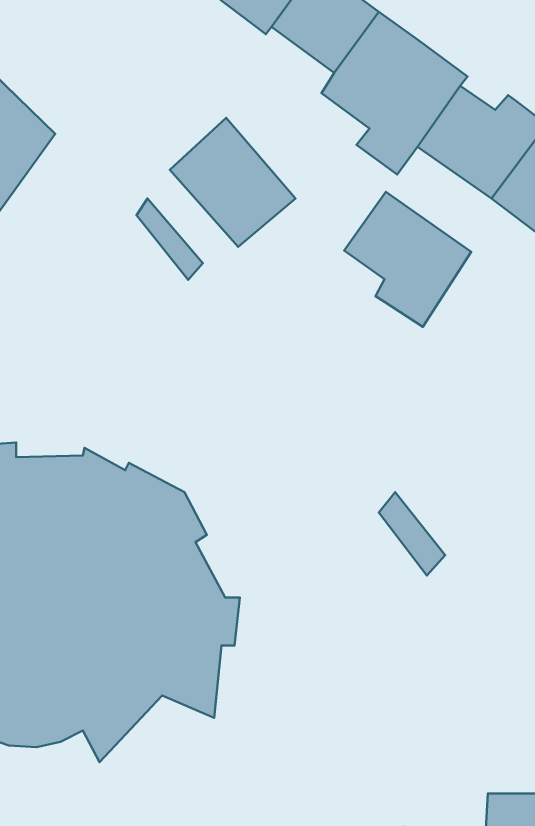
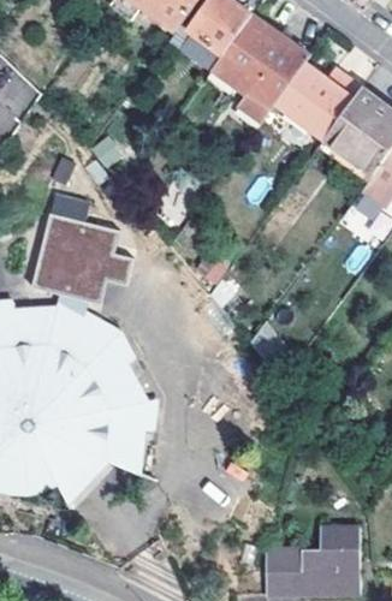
building: [170,118,295,247] -> none
building: [344,192,471,327] -> none
building: none -> [32,212,135,304]

